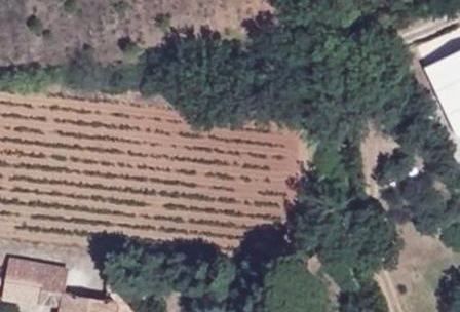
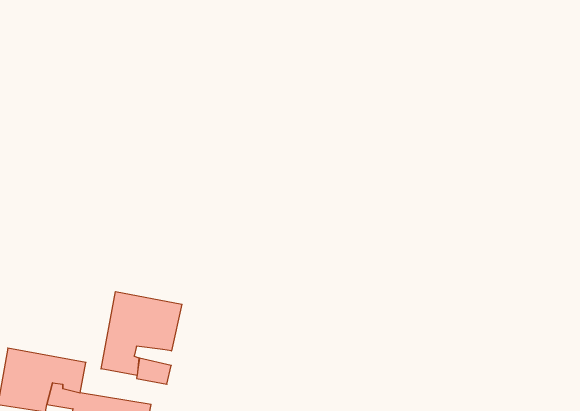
building: none -> [101,292,182,375]

